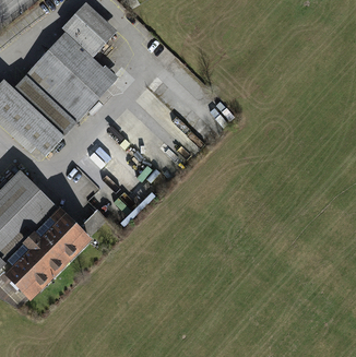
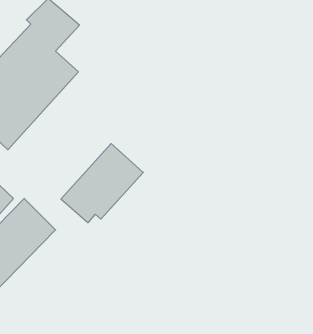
building: none -> [61,144,143,223]

